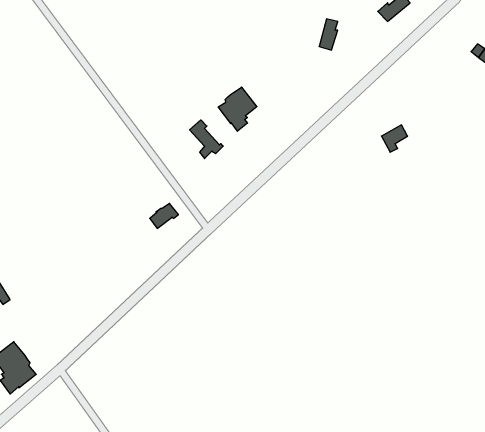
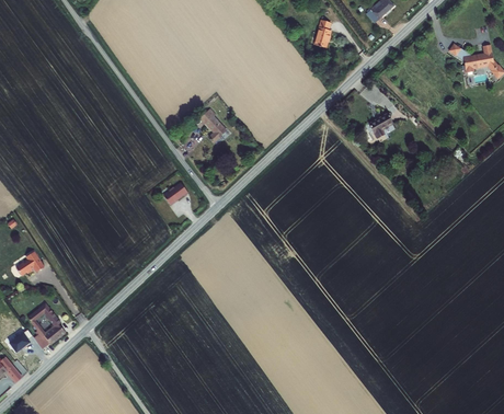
building: [218,87,257,131] -> none

